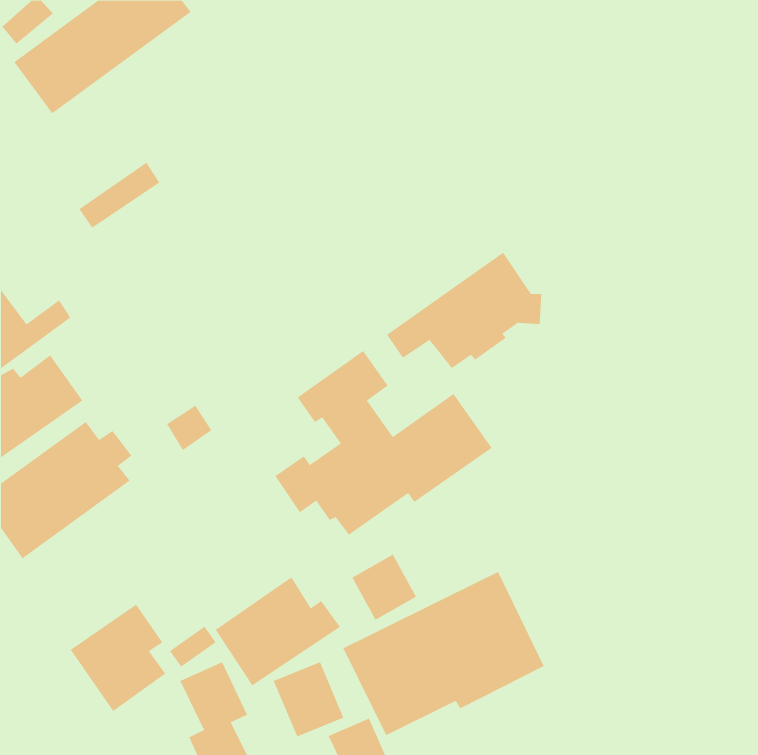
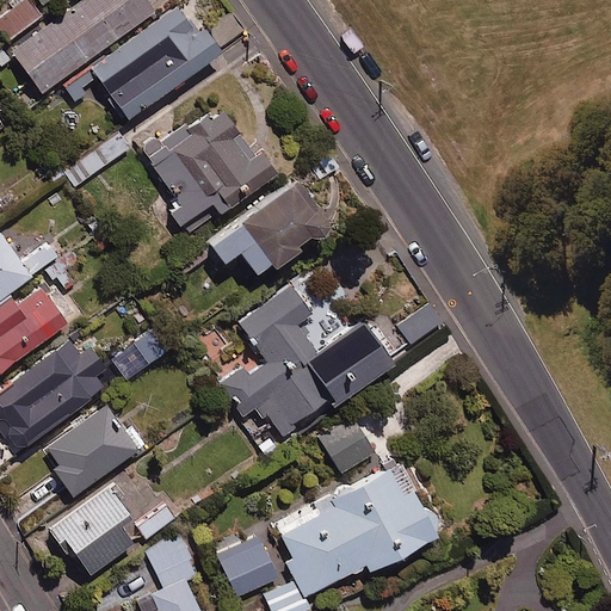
building: none -> [61,7,222,119]
building: none -> [147,106,278,226]
building: [386,252,542,369] -> [204,180,329,274]
building: [351,554,417,621] -> [321,420,374,474]
building: [215,576,341,686] -> [44,407,146,495]

